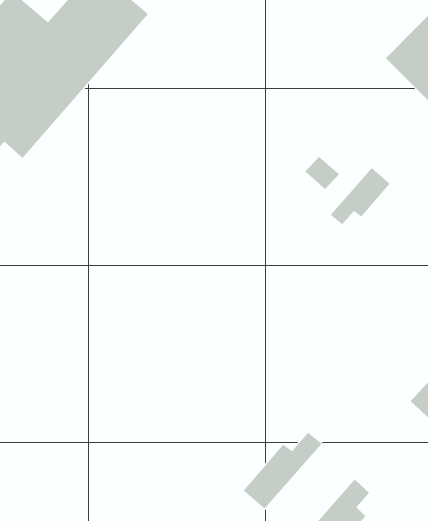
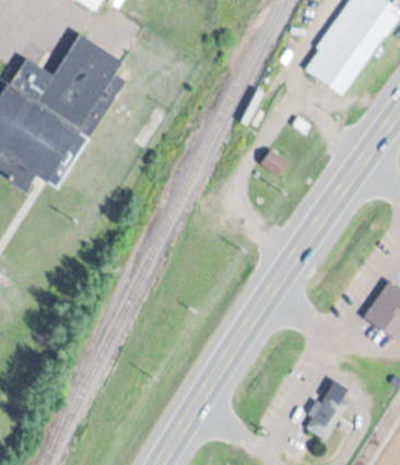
building: [330,167,391,225] -> none
building: [243,432,322,510] -> none

